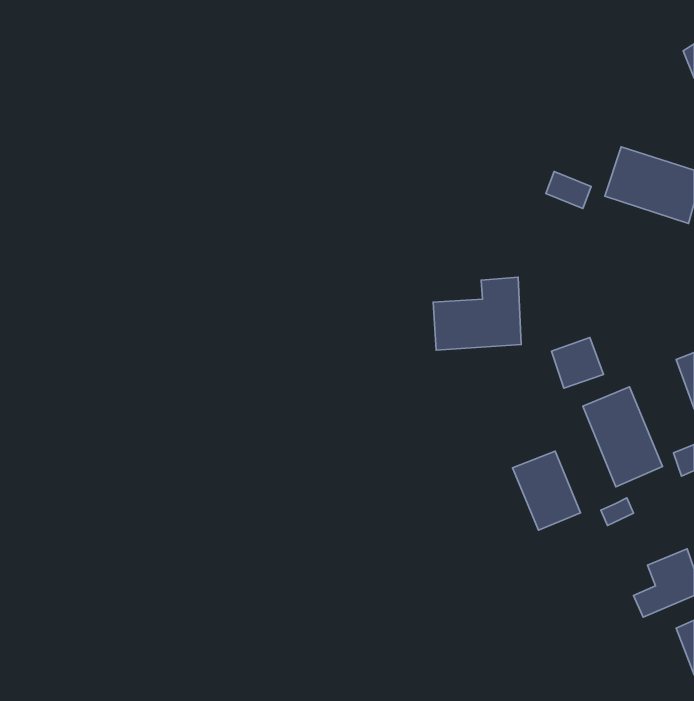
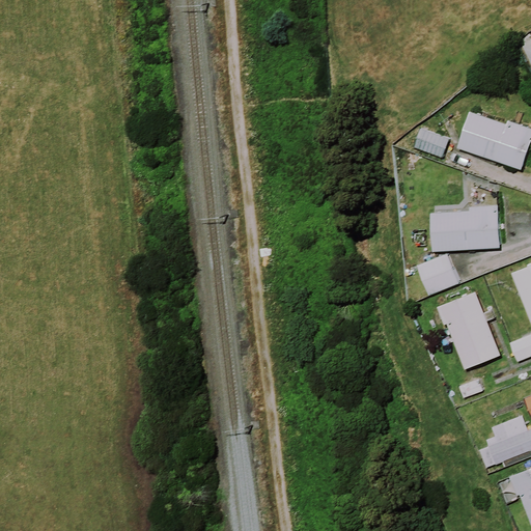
building: [433,277,521,350] -> [431,196,498,251]
building: [512,451,581,530] -> none

